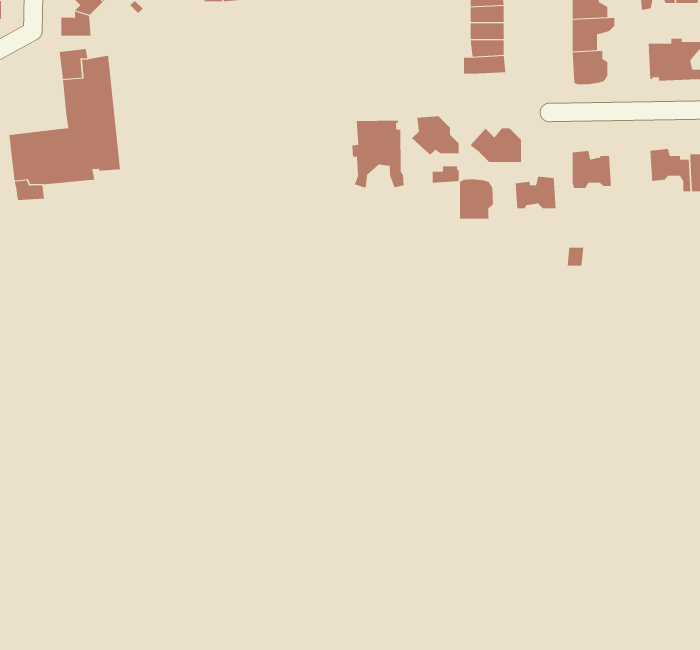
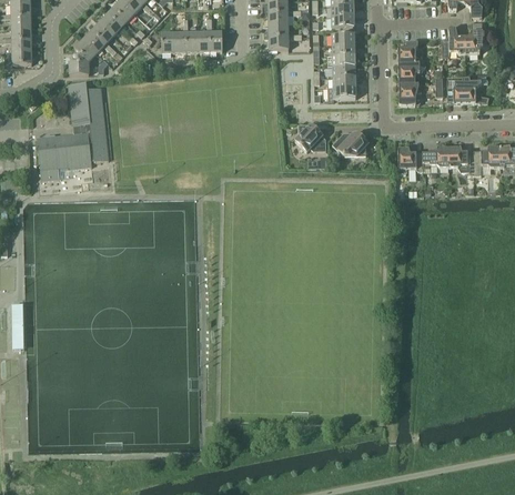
building: [352,120,404,188] -> none
building: [515,176,556,209] -> [422,145,448,166]
building: [460,178,493,219] -> none

